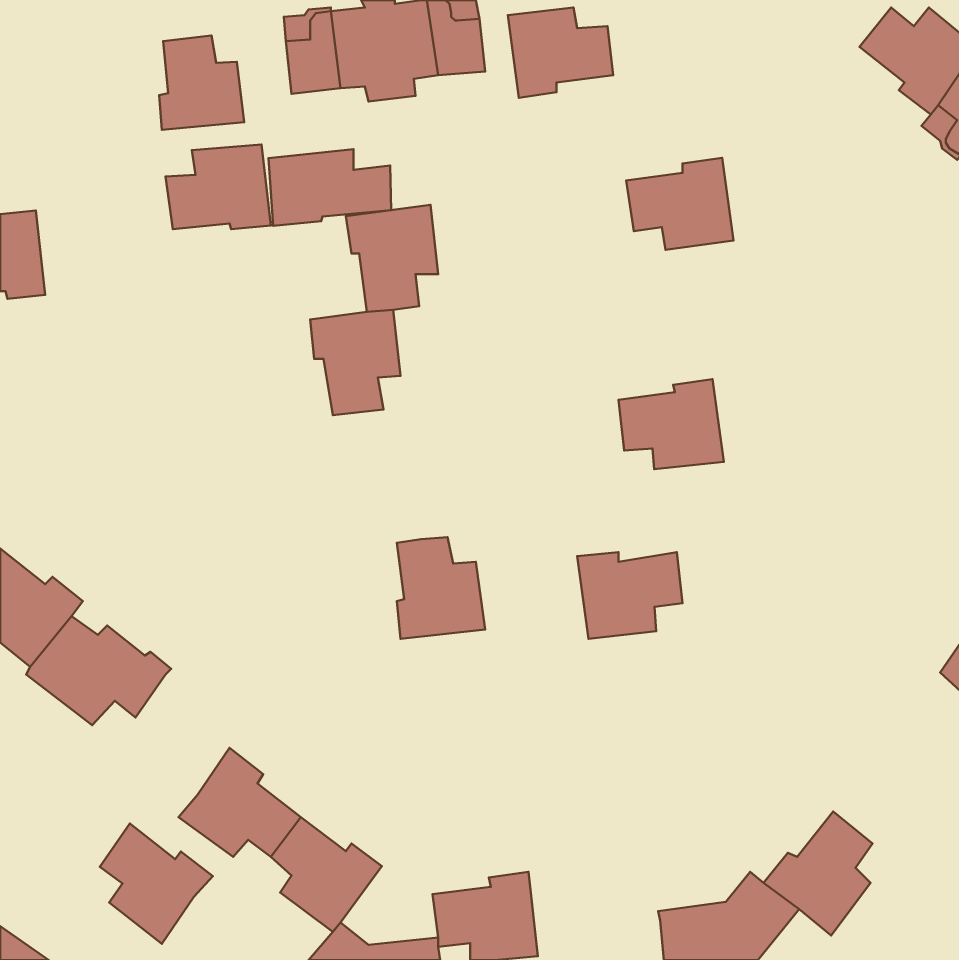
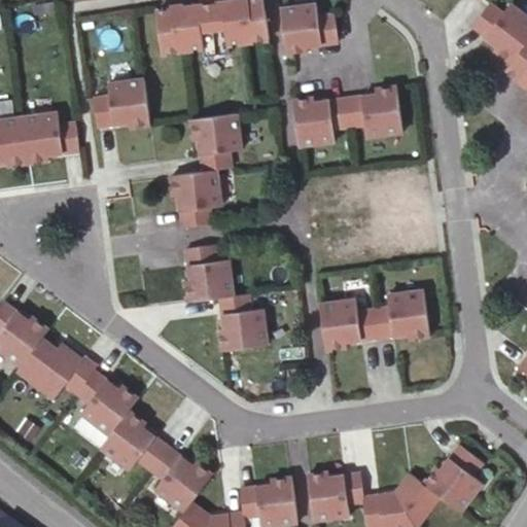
building: [159,36,244,130] -> none
building: [269,149,391,226] -> none
building: none -> [291,97,348,145]
building: none -> [21,111,78,162]
building: [619,379,724,469] -> [372,291,429,341]
building: none -> [183,245,232,302]
building: [100,823,213,944] -> [75,370,137,435]
building: none -> [306,473,362,522]

